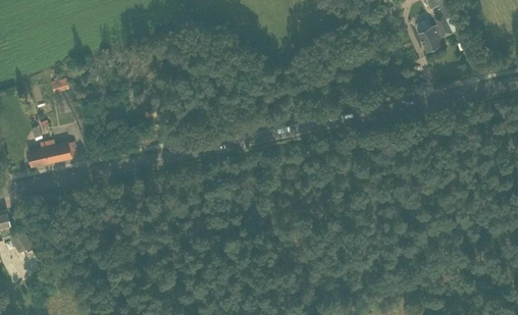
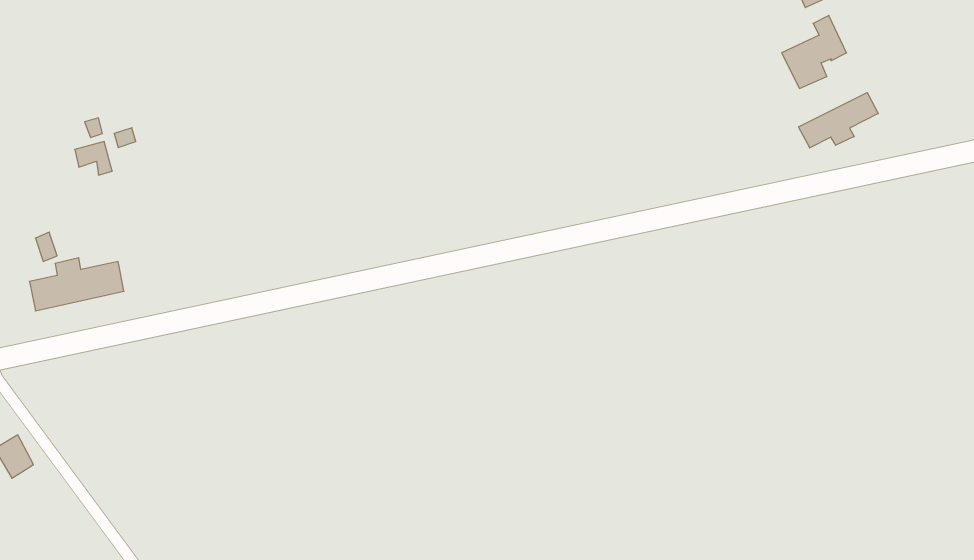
building: none -> [799,93,878,148]

